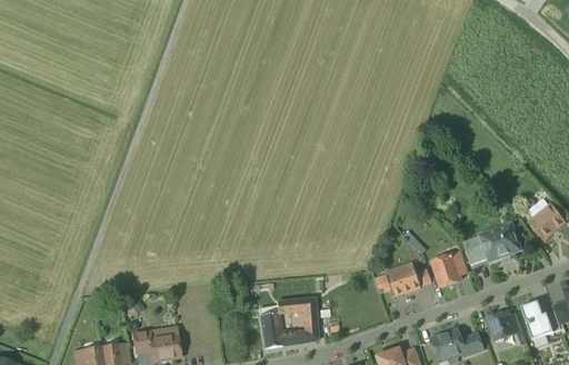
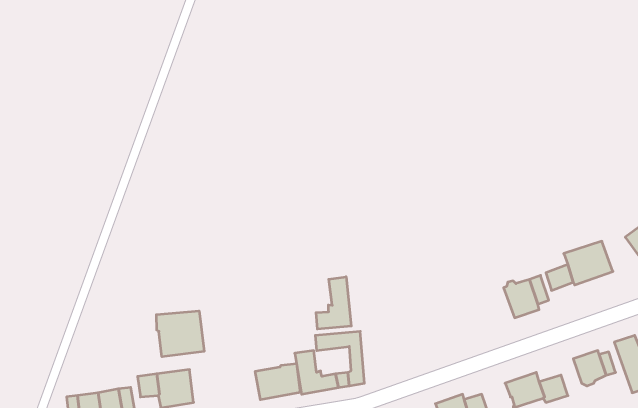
building: none -> [316,277,351,329]
building: [387,265,421,295] -> none
building: none -> [156,311,204,357]
building: none -> [255,364,300,400]

